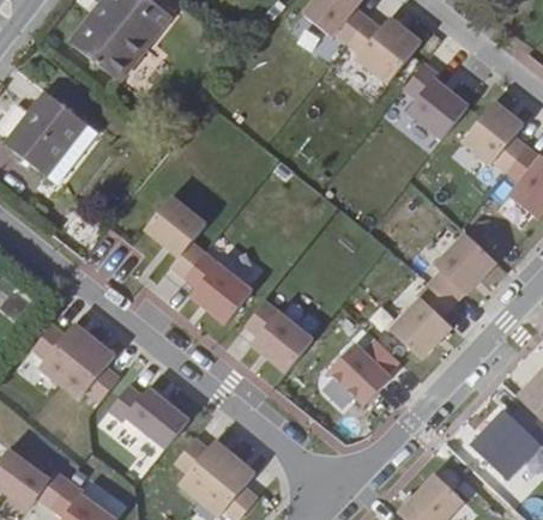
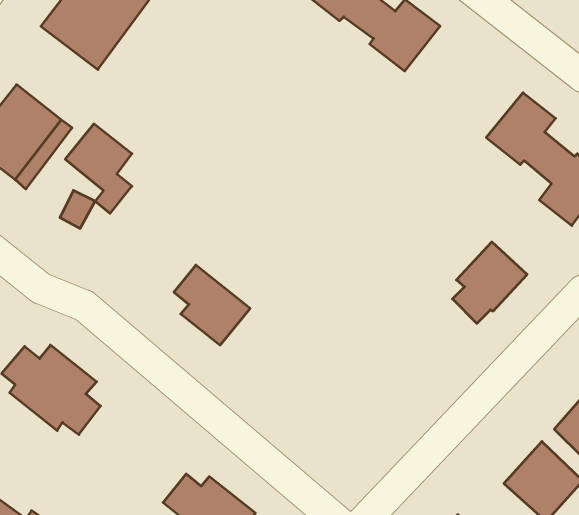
building: [402,64,466,139] -> none
building: [144,198,203,277] -> [65,124,132,213]
building: [390,283,451,359] -> none
building: [245,301,312,371] -> none
building: [326,338,397,404] -> none
building: [108,385,188,448] -> none

